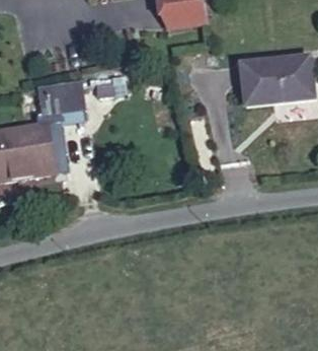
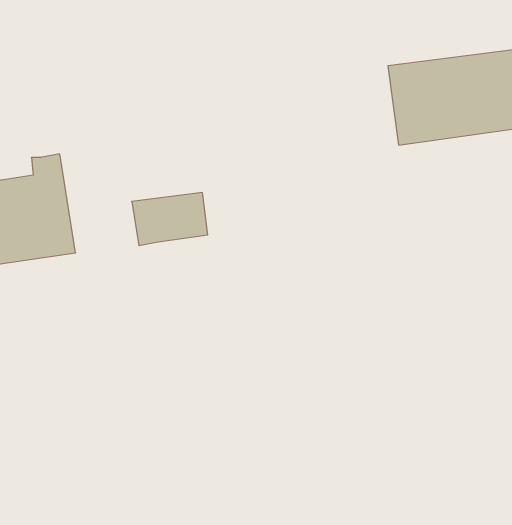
building: [35,86,79,117] -> [132,193,208,246]

